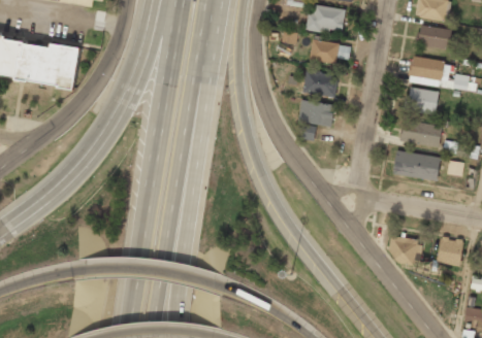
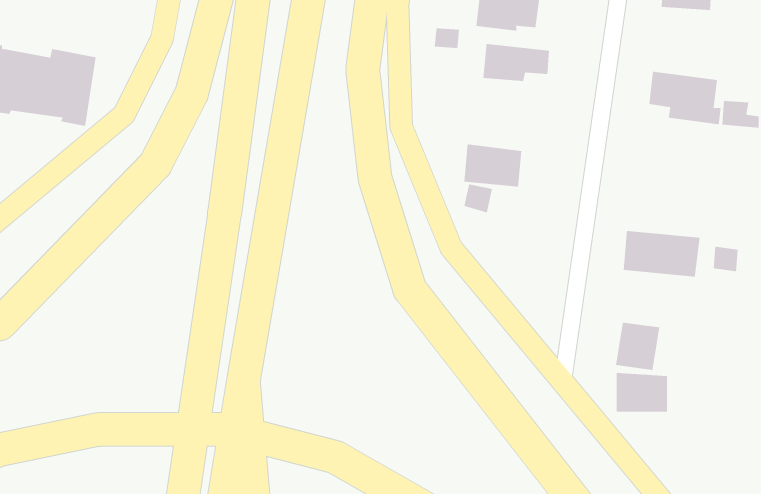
building: [416,24,451,50] -> none
building: [303,71,336,96] -> none
building: [405,88,438,113] -> none
building: [399,121,442,146] -> none
building: [437,237,463,266] -> [615,322,660,371]

